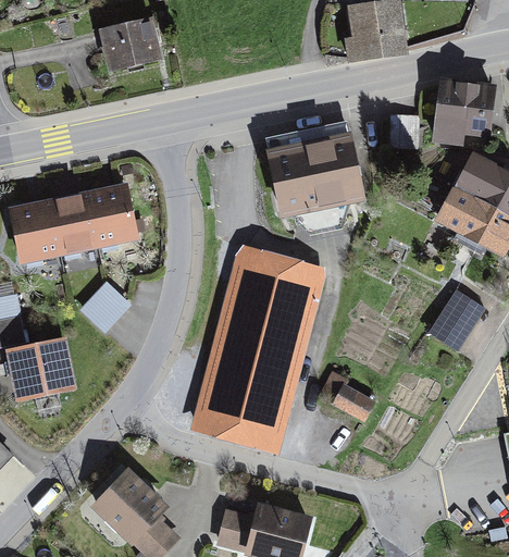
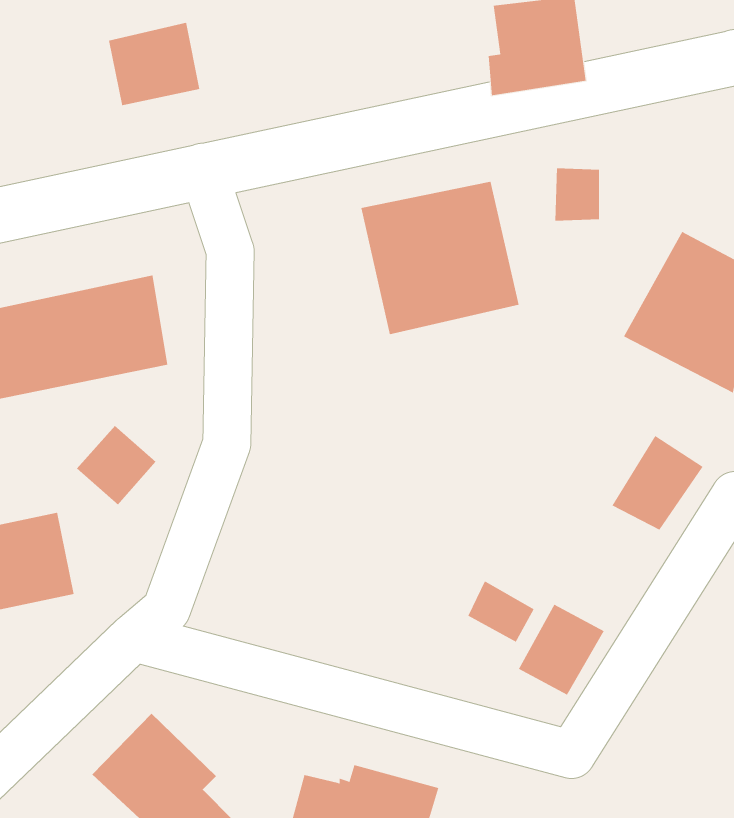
building: [434,82,497,146] -> none
building: [189,243,326,454] -> none
building: none -> [518,604,605,696]

